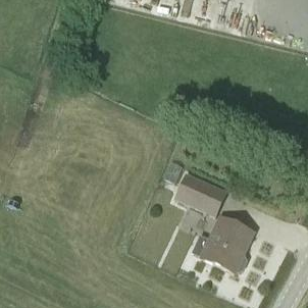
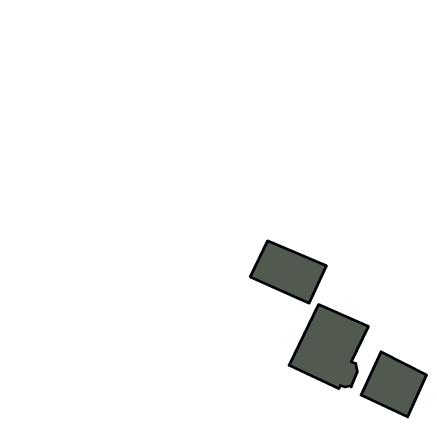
building: none -> [361,352,426,417]

